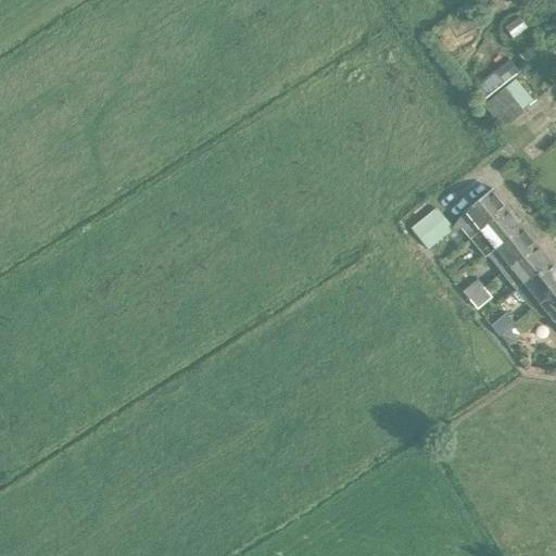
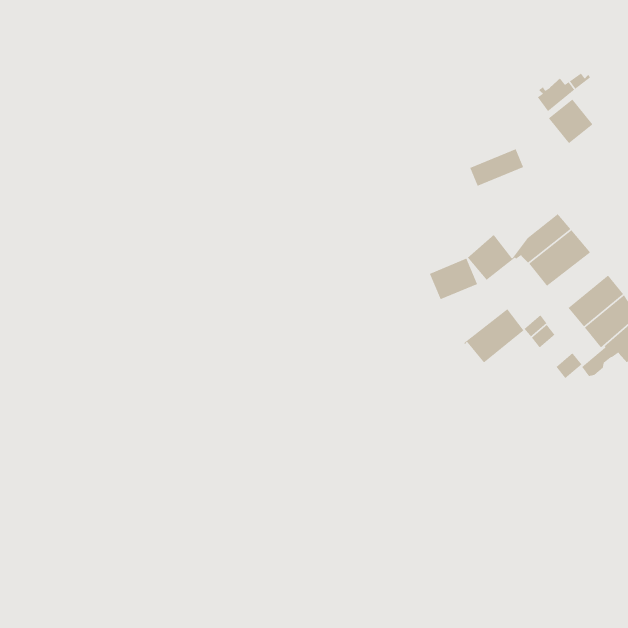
building: none -> [469,148,524,187]
building: [483,223,538,271] -> [463,308,525,364]
building: none -> [429,258,478,300]

